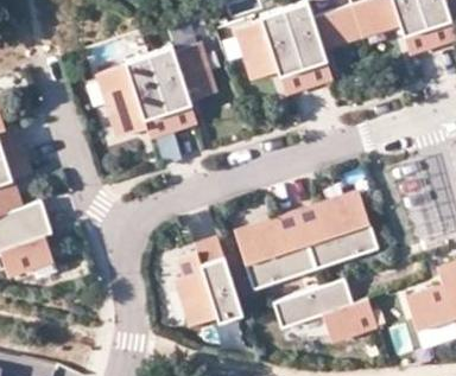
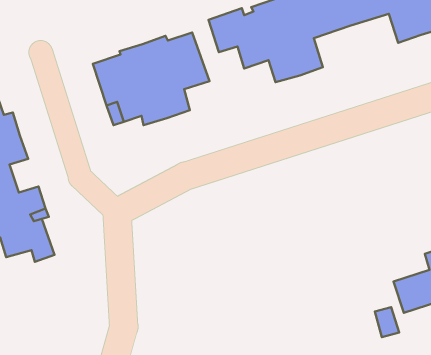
building: [236,196,378,288] -> none
building: [176,237,242,325] -> none
building: [273,279,378,340] -> none

